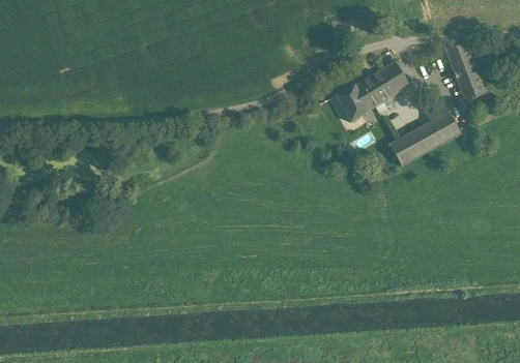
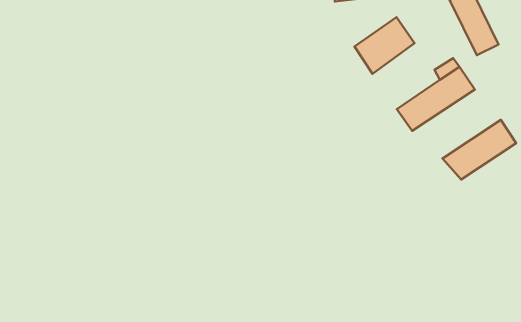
building: [336,85,369,122] -> none
building: none -> [443,120,516,179]

